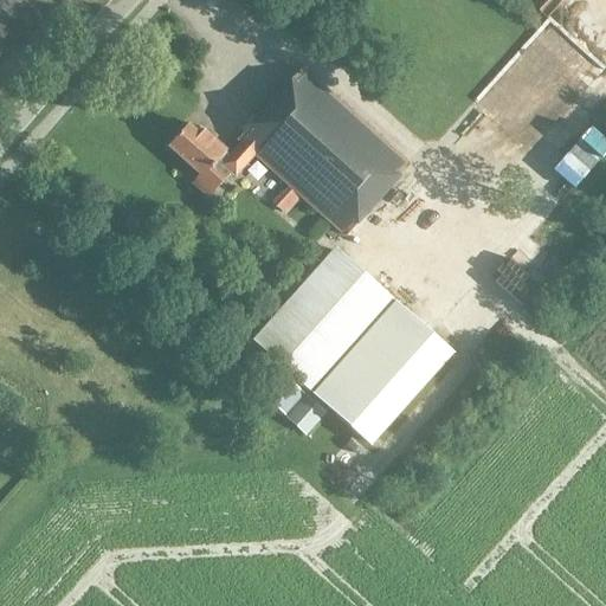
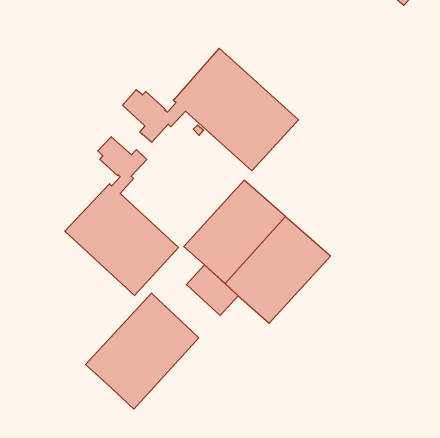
building: none -> [65,137,178,296]
building: none -> [86,293,199,409]

